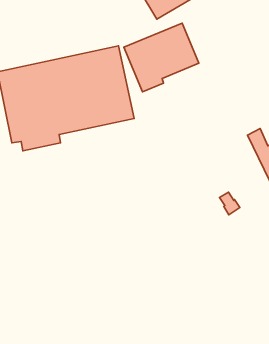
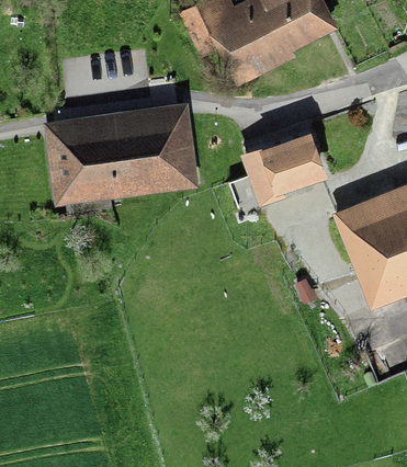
building: [124,23,199,92] -> [240,129,327,207]

